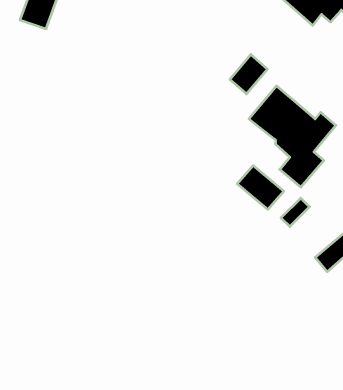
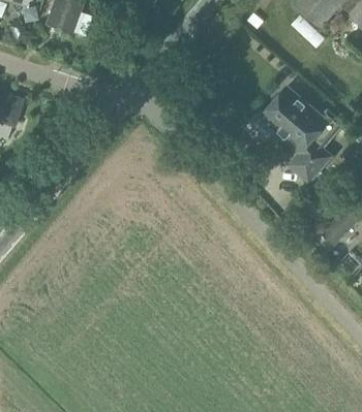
building: [230,54,267,94] -> none
building: [237,166,284,209] -> none

